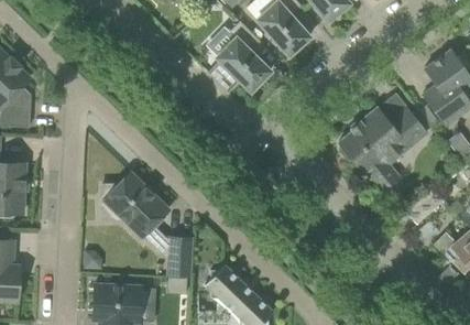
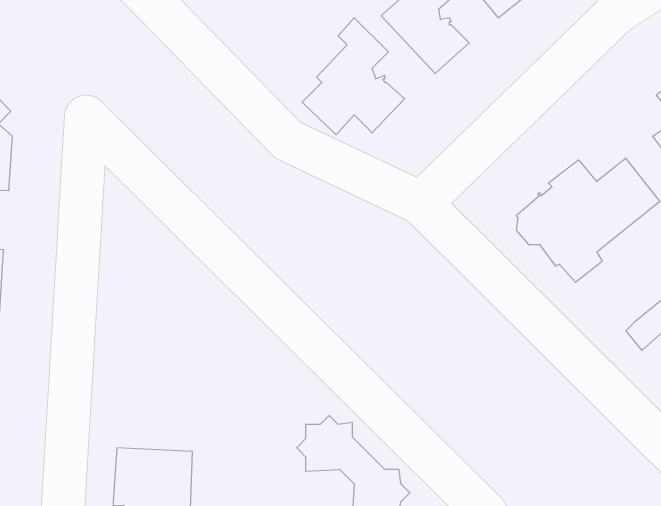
building: [101,172,192,278] -> none

